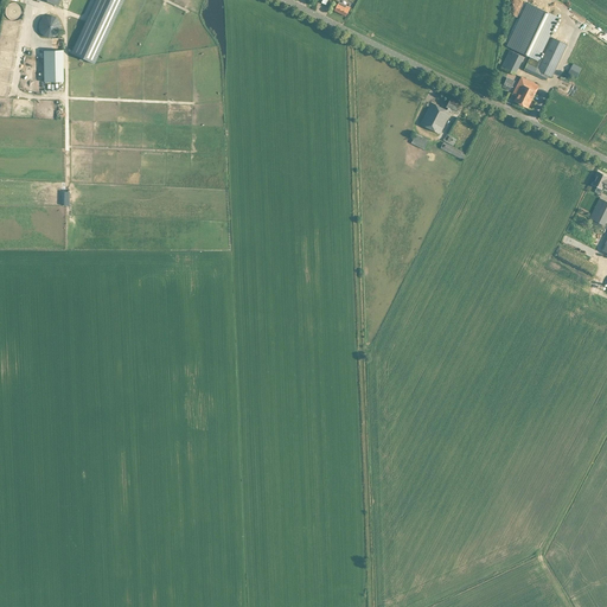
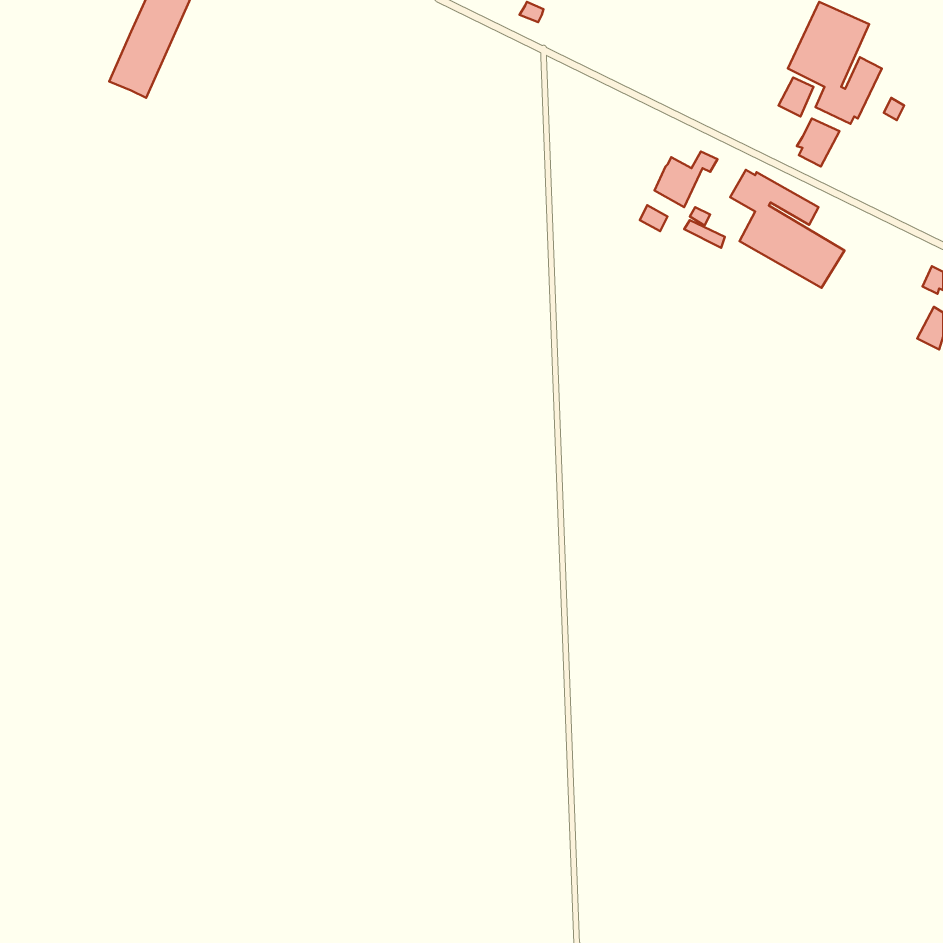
building: [43,49,64,81] -> none
building: none -> [730,170,845,288]

